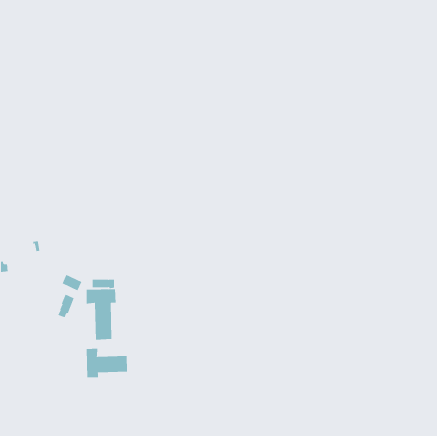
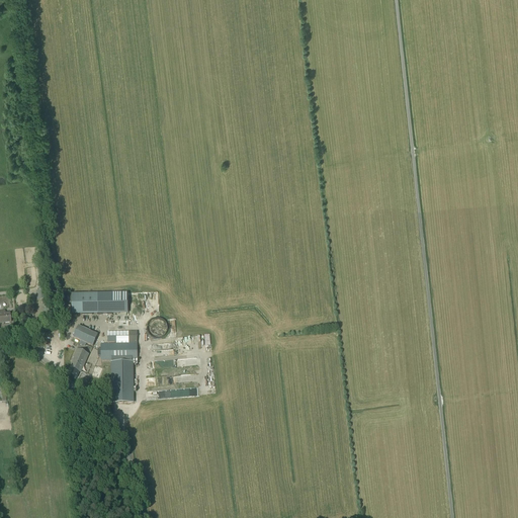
building: none -> [73,292,113,314]
building: [86,348,127,378] -> none

